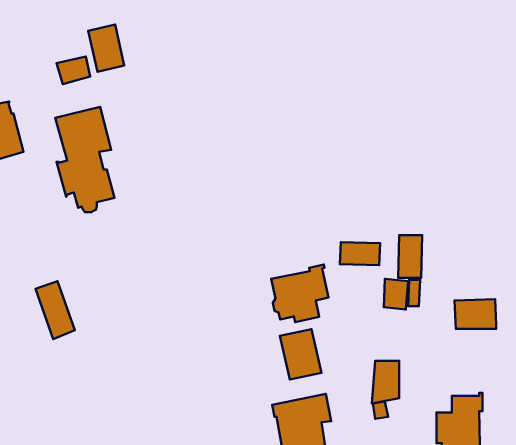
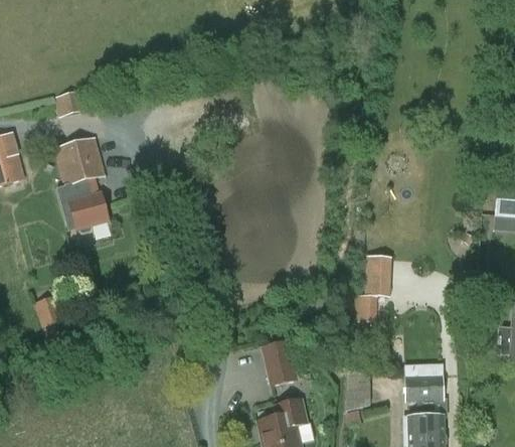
building: [88,24,124,72] -> none
building: [340,242,380,265] -> none
building: [271,265,329,322] -> none
building: [455,299,496,329] -> [405,374,444,401]

